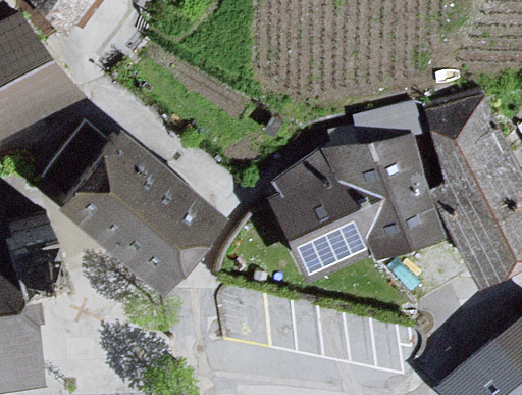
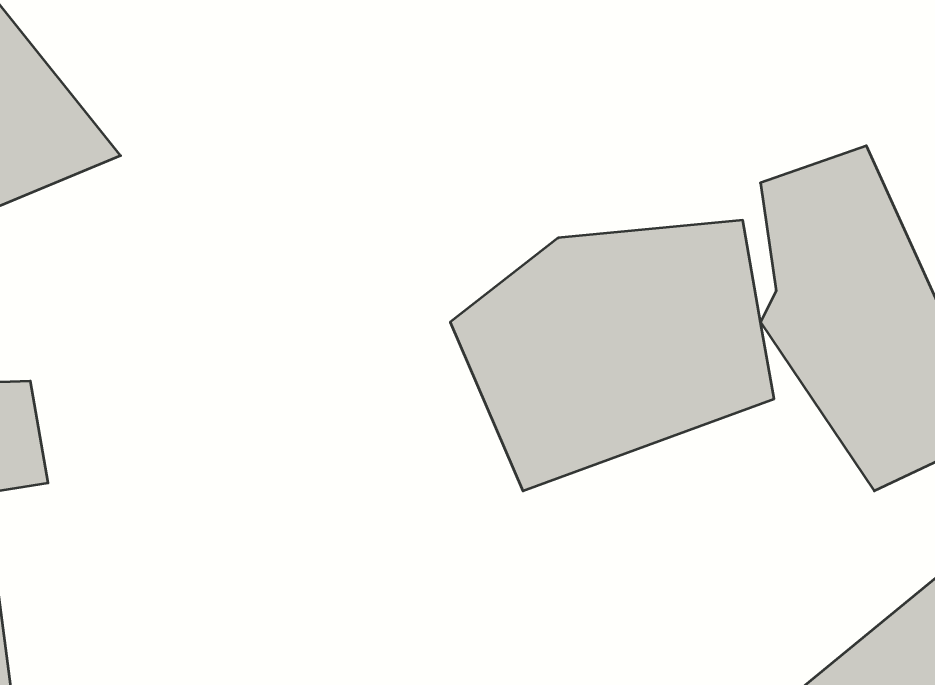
building: [43,125,219,286] -> none

